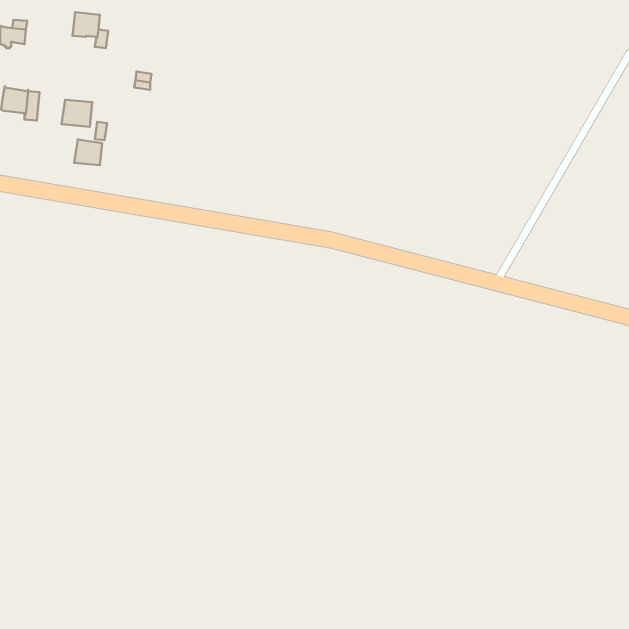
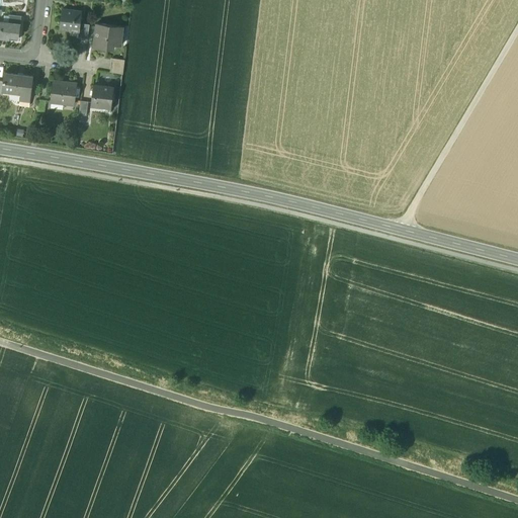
building: none -> [94,23,123,50]
building: [74,139,102,165] -> [90,85,113,106]

